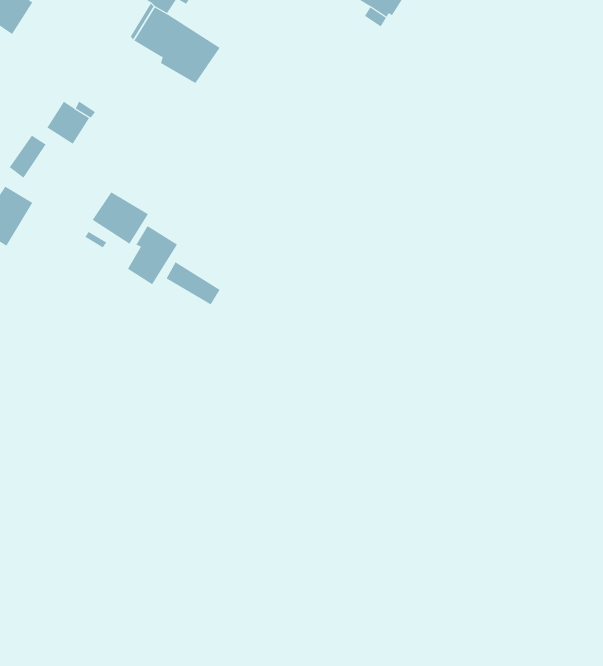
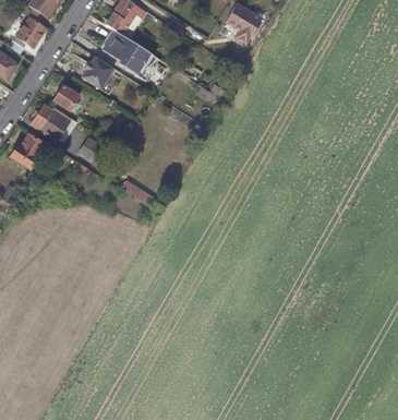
building: none -> [82,56,113,88]
building: none -> [39,108,72,141]
building: [127,225,178,285] -> none

